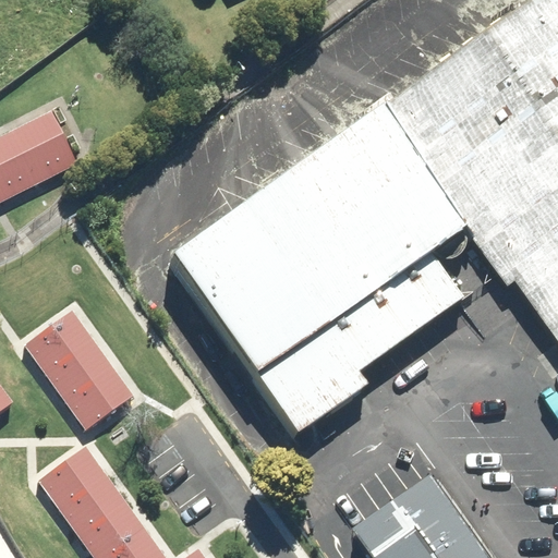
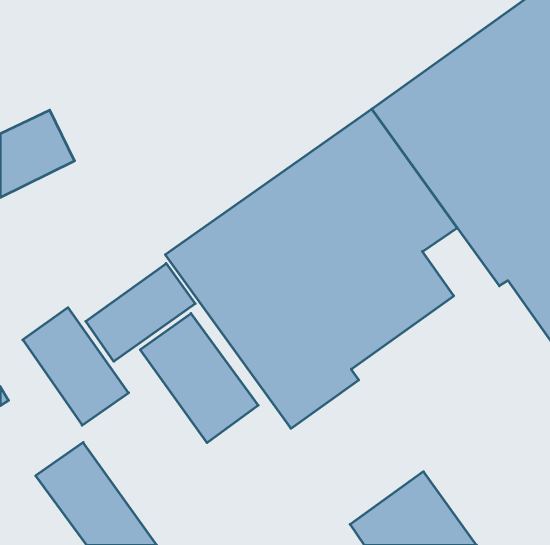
building: none -> [86,263,195,361]
building: none -> [140,313,258,443]

